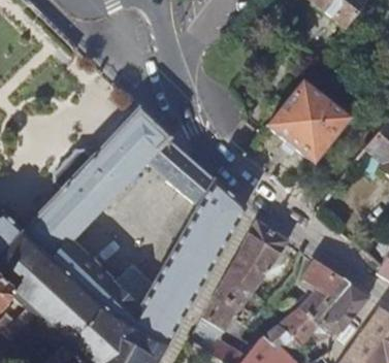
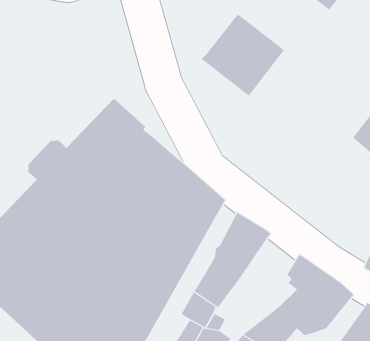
building: [268,82,349,162] -> [201,14,285,96]

